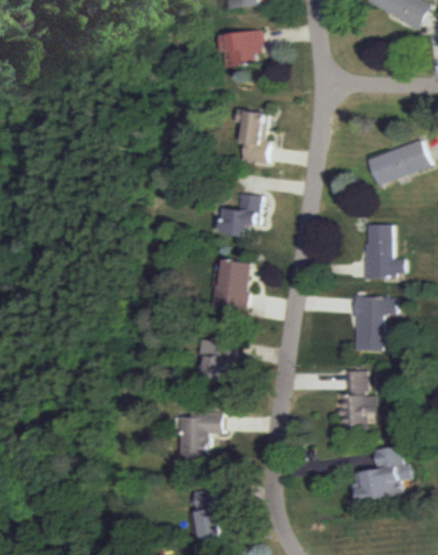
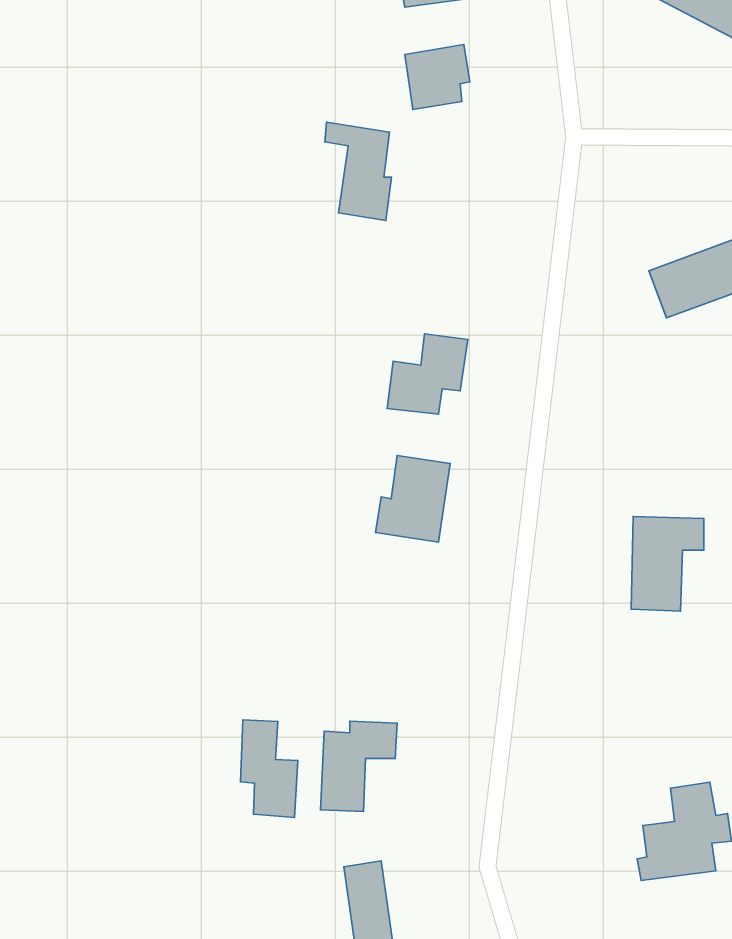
building: [232,108,270,163] -> [325,122,392,221]
building: [360,225,401,279] -> none
building: [200,336,240,380] -> none
building: [341,369,371,425] -> none
building: none -> [240,720,298,818]

